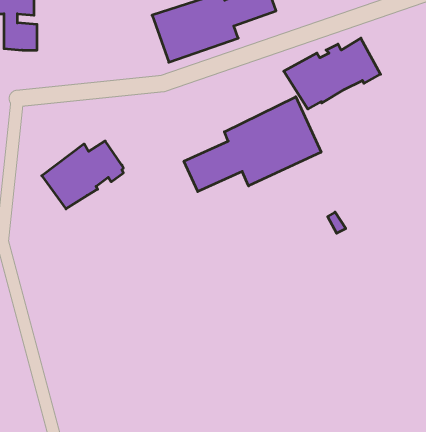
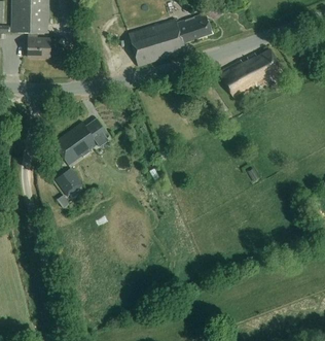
building: [184,97,321,192] -> none
building: none -> [55,167,83,196]

